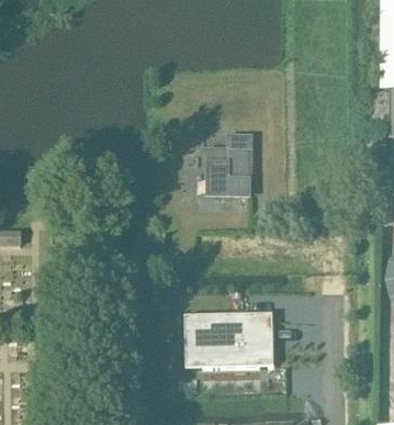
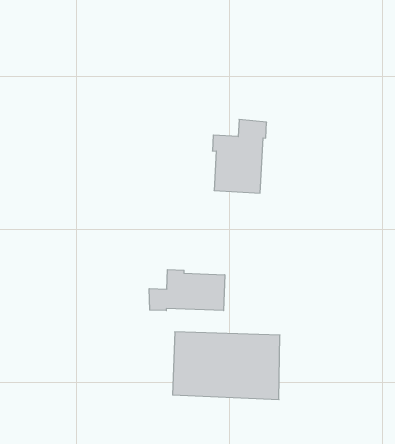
building: none -> [149,270,225,311]

